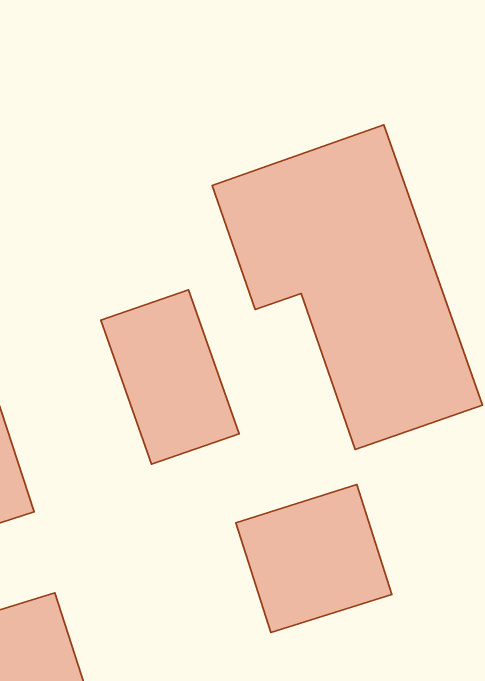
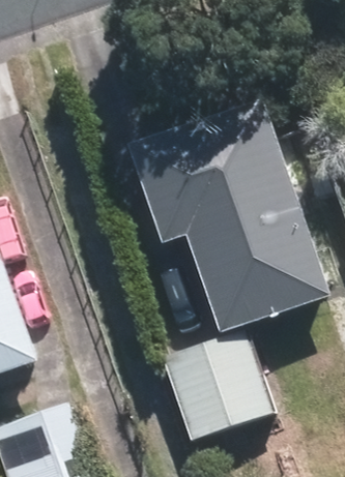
building: [101,290,239,464] -> none

